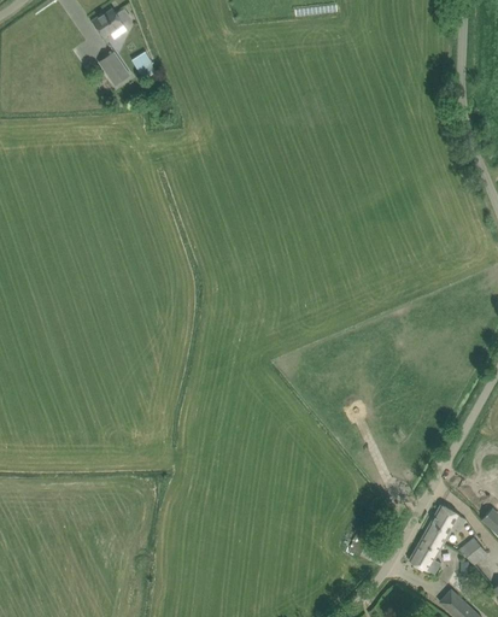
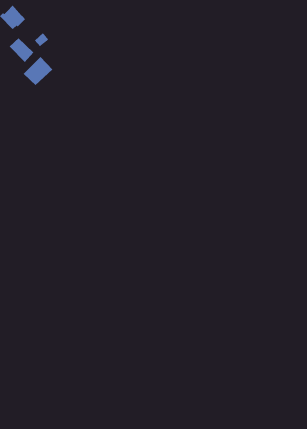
building: none -> [23,56,53,86]

